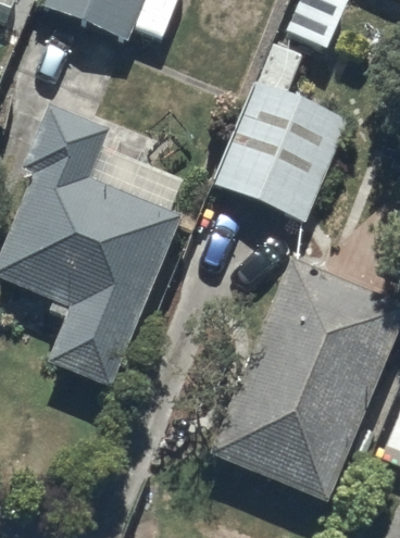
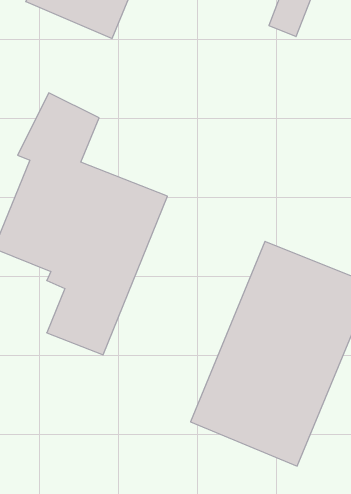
building: [211,38,349,222] -> none

